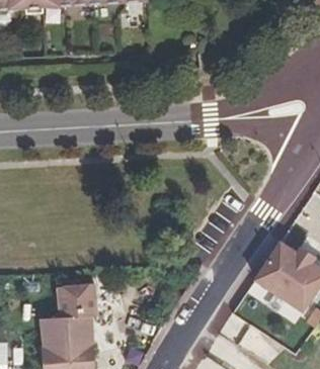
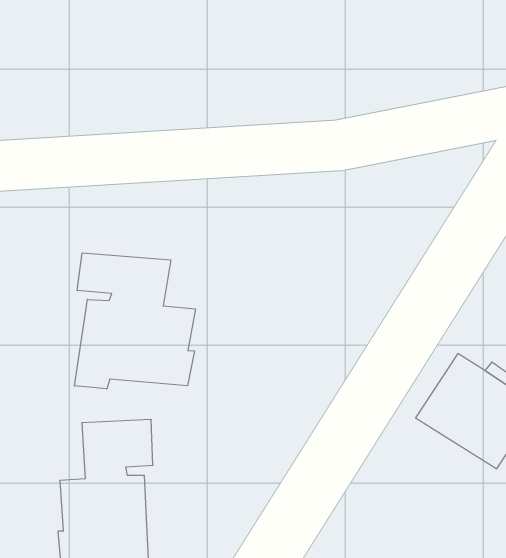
building: none -> [74,253,195,389]

